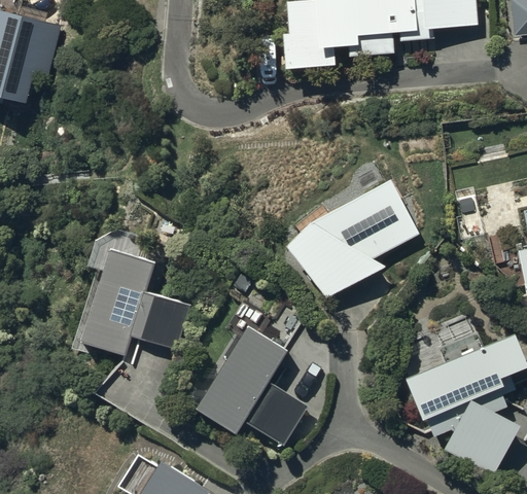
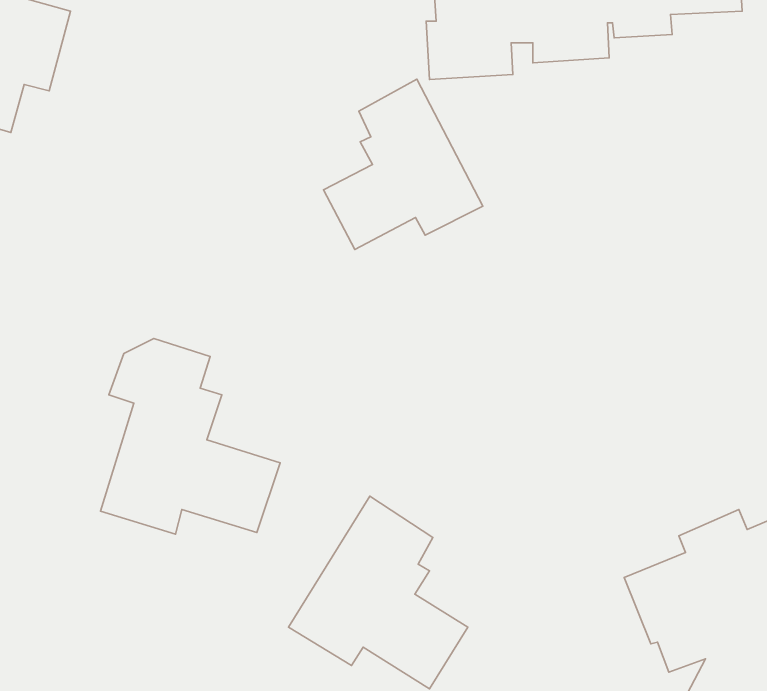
building: none -> [324,79,483,249]
building: [284,178,419,298] -> none

